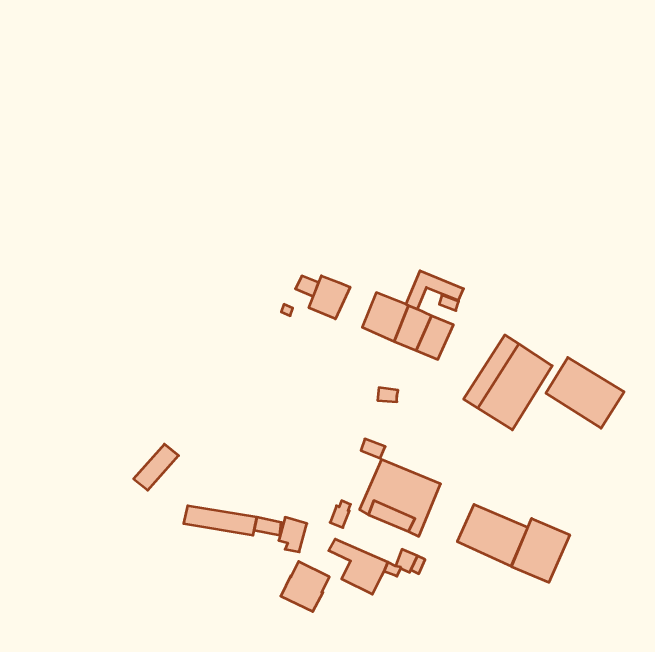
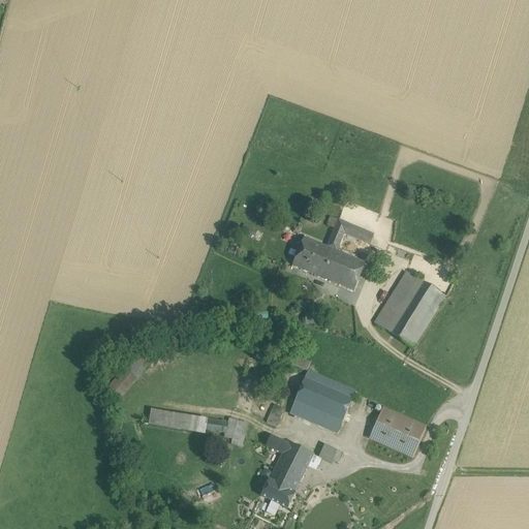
building: [309,276,350,319] -> none
building: [546,357,624,428] -> none
building: [512,518,570,582] -> none
building: [281,561,329,612] -> [260,466,300,506]

